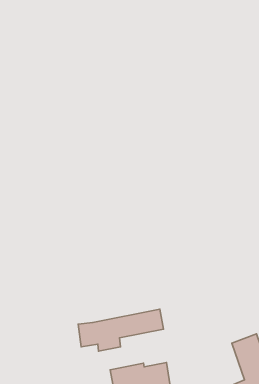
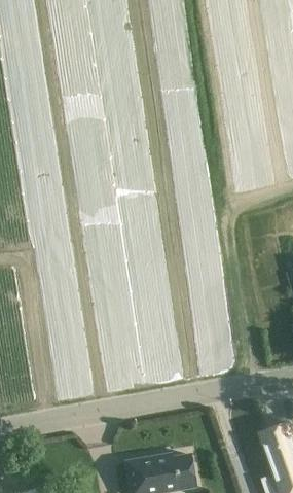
building: [78,309,163,351] -> none

